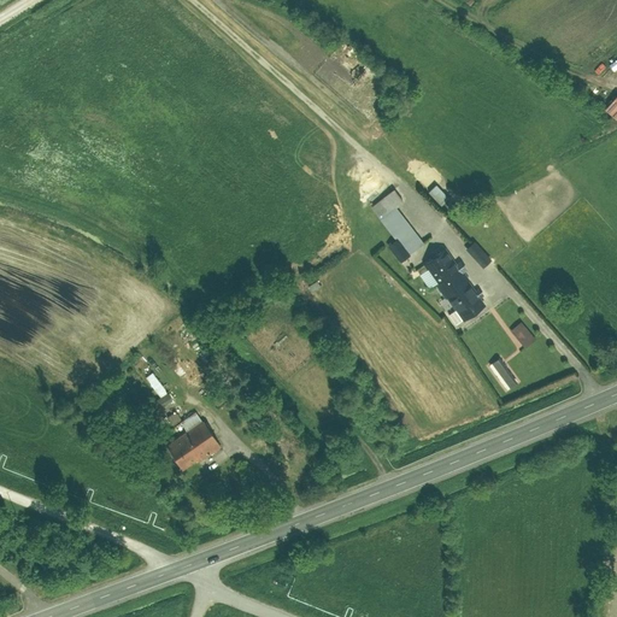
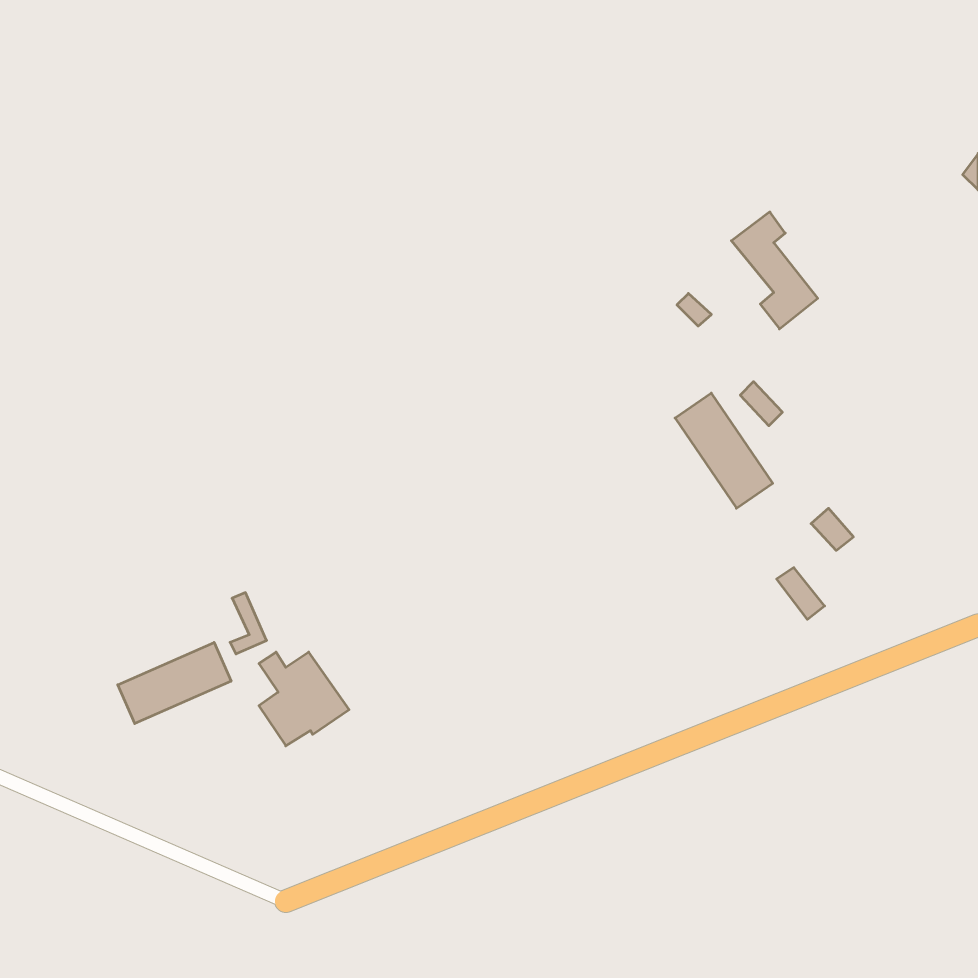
building: [370,189,424,263] -> [731,212,818,329]
building: none -> [118,642,231,724]

